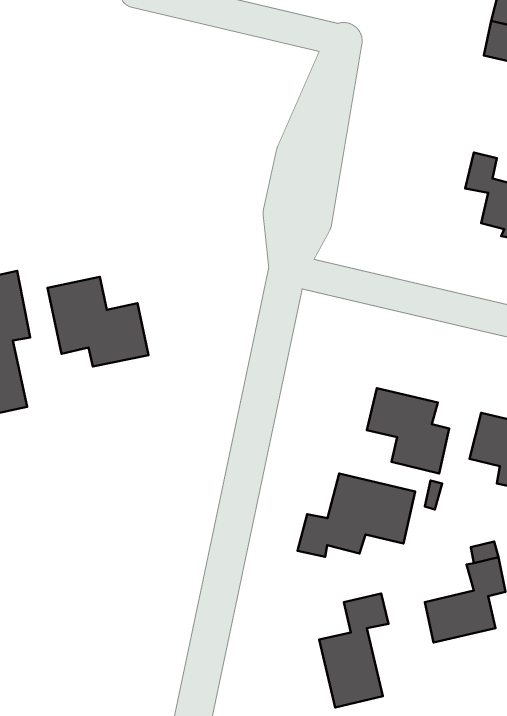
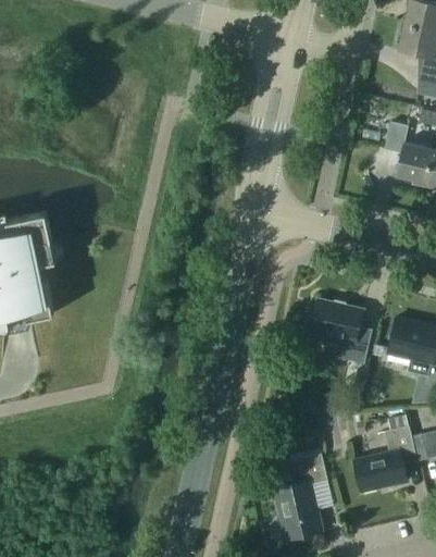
building: [48,277,149,366] -> none
building: [298,473,415,557] -> none

